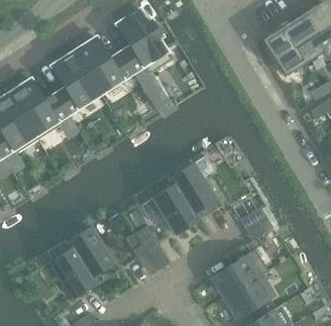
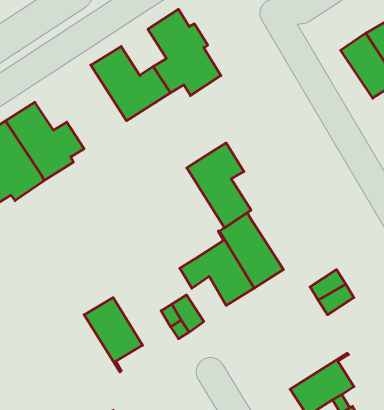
building: [51,50,101,114] -> none
building: none -> [187,143,251,228]
building: [52,240,96,297] -> none
building: [213,249,268,297] -> none

